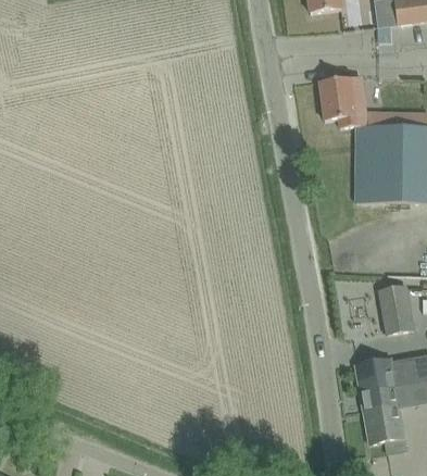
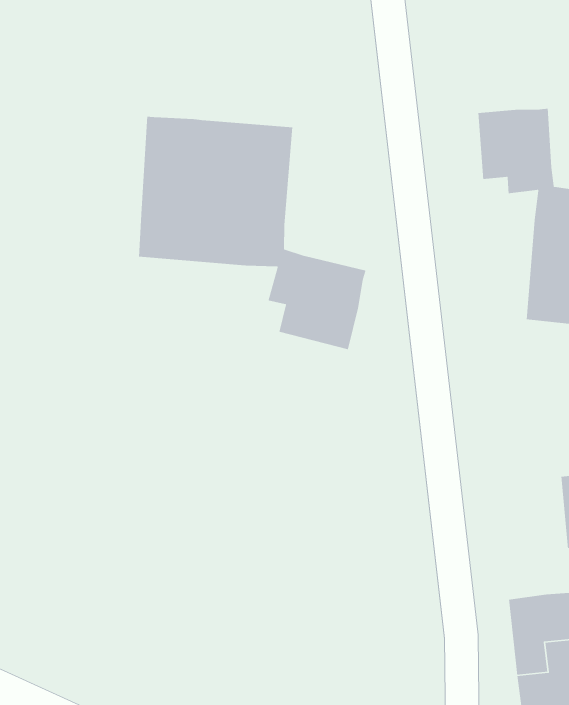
building: none -> [138,116,367,350]

